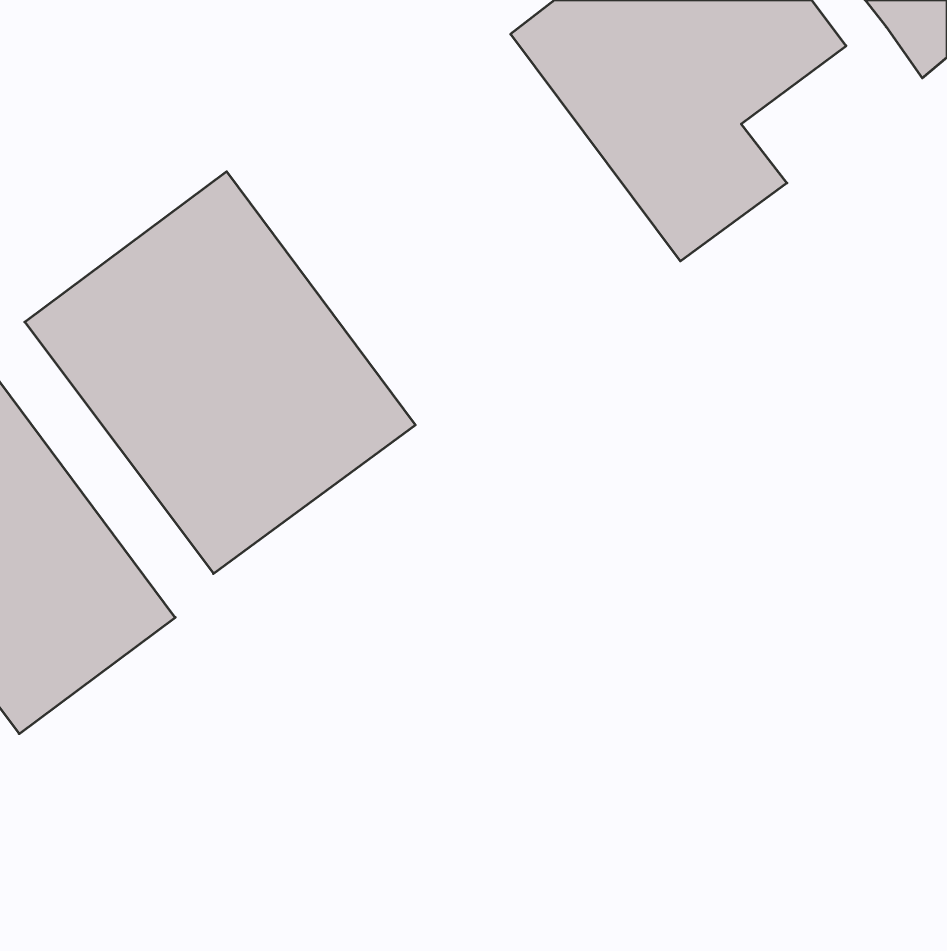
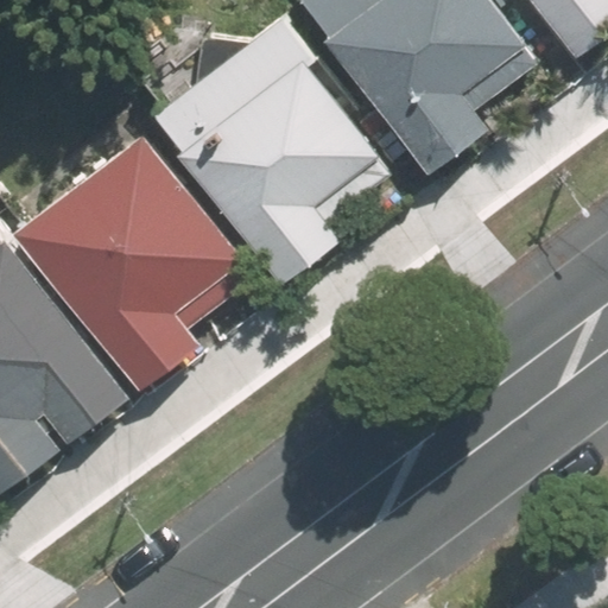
building: none -> [186,61,380,280]

